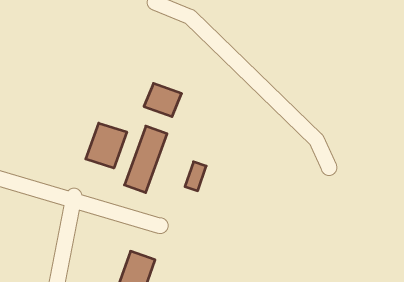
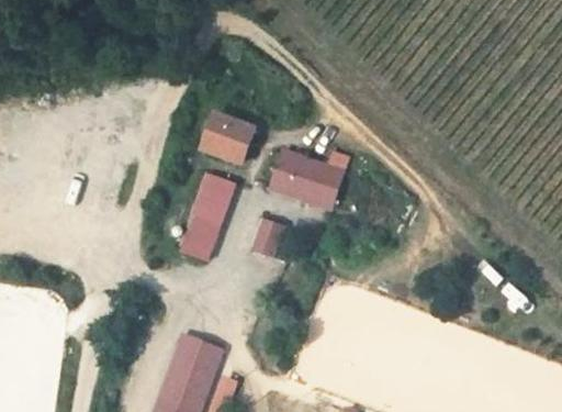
building: none -> [270,153,344,205]
building: [86,123,127,168] -> none

